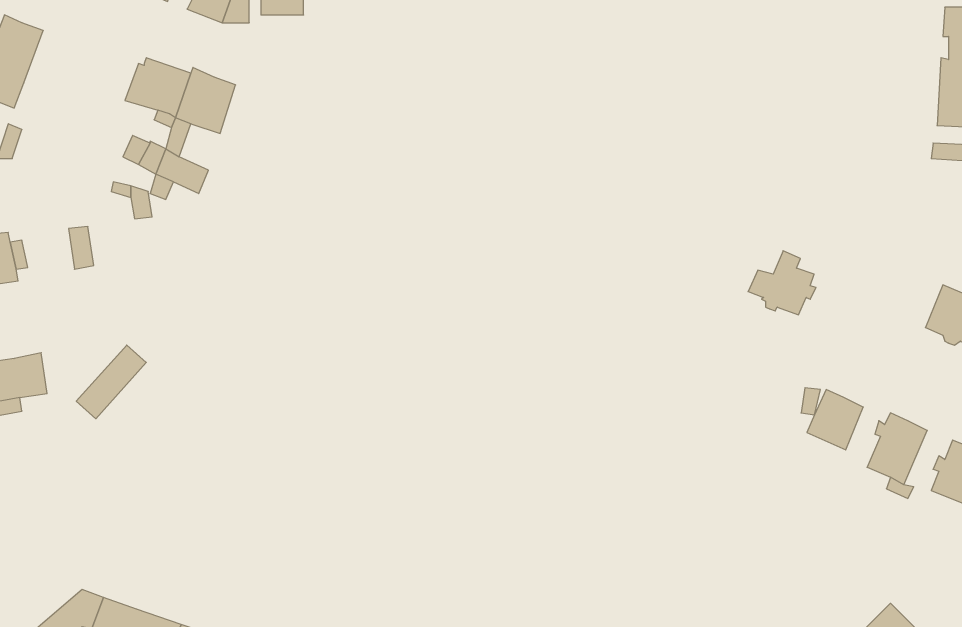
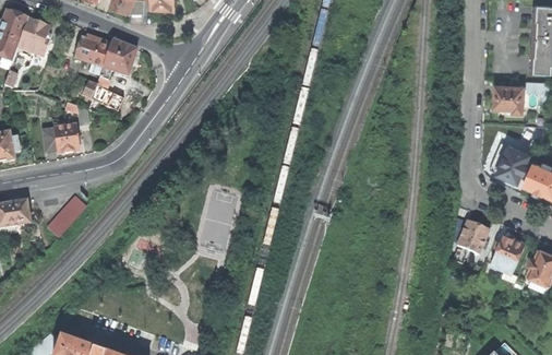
building: none -> [17,19,51,57]
building: none -> [493,80,524,114]
building: none -> [53,125,79,153]
building: [748,251,816,315] -> [489,146,527,182]

